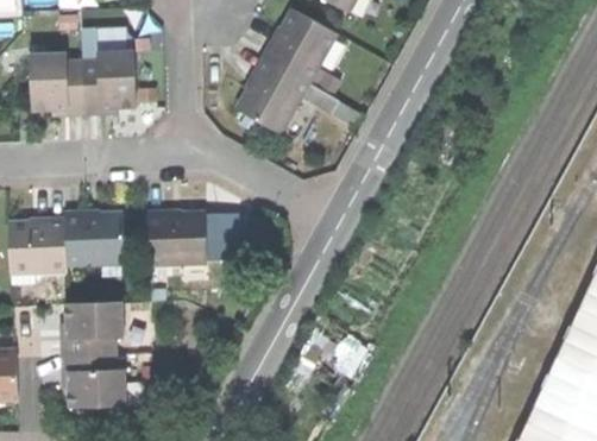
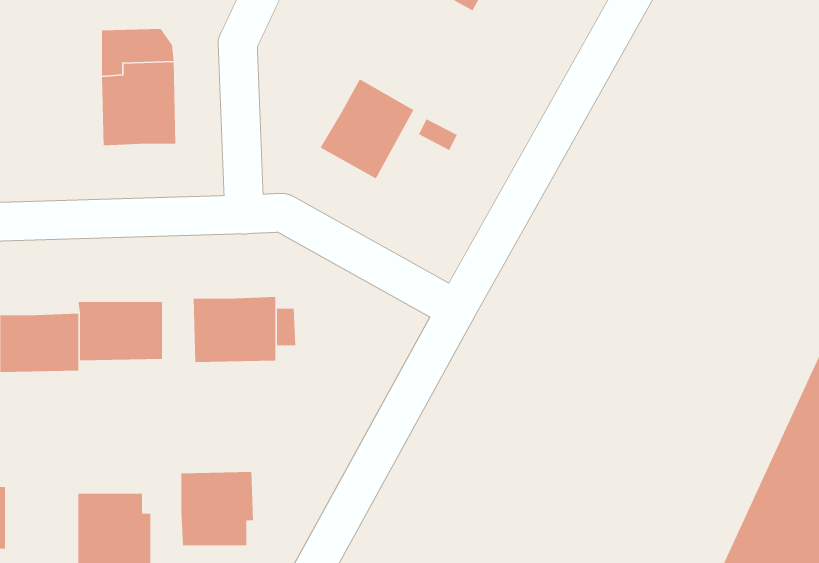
building: [268,12,335,83] -> none
building: [31,50,84,111] -> none
building: [65,303,118,357] -> [180,471,254,546]

